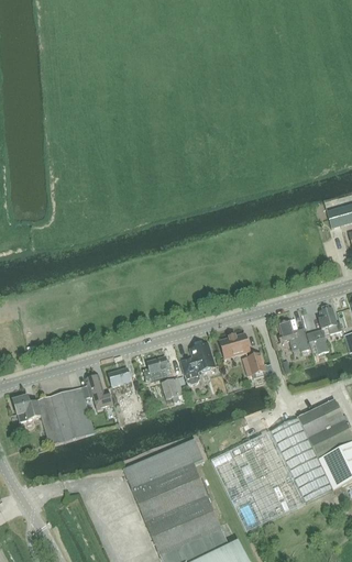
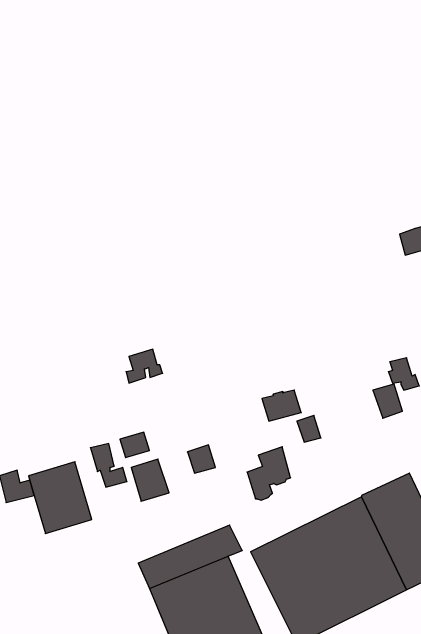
building: [278,319,309,350] -> none
building: [180,341,215,383] -> [247,447,291,500]
building: [144,354,173,381] -> [126,349,163,383]

